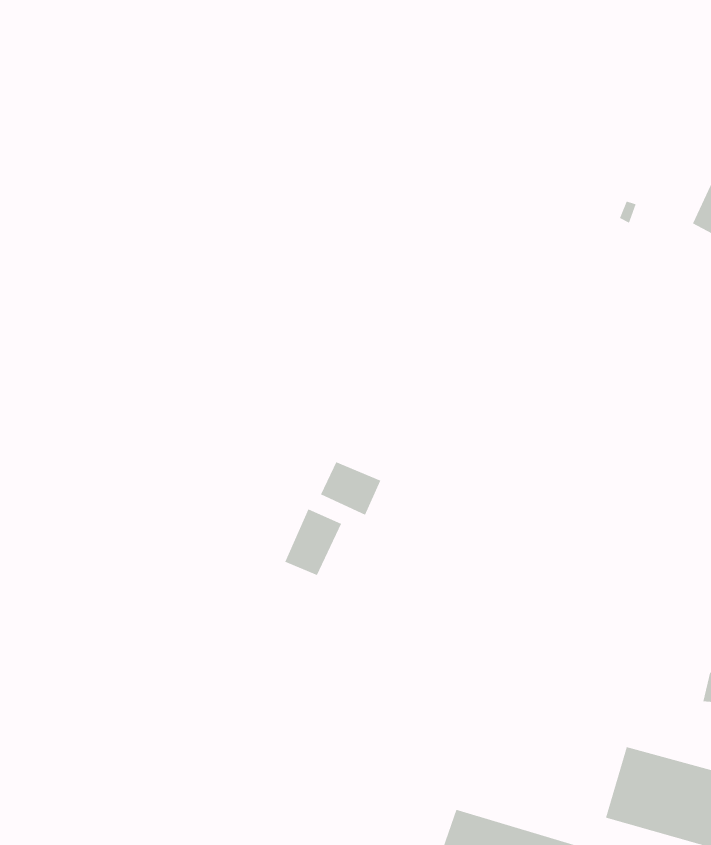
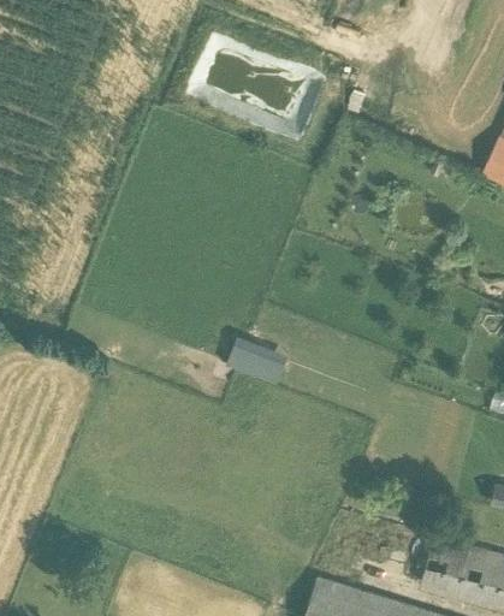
building: [285,509,342,576] -> none

